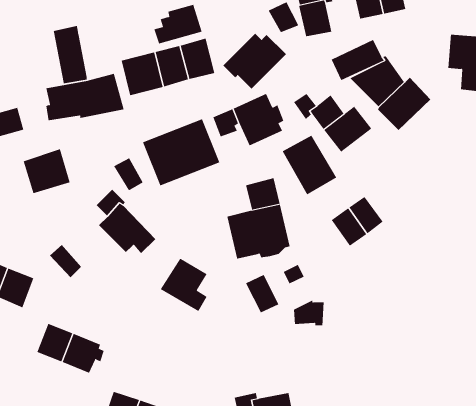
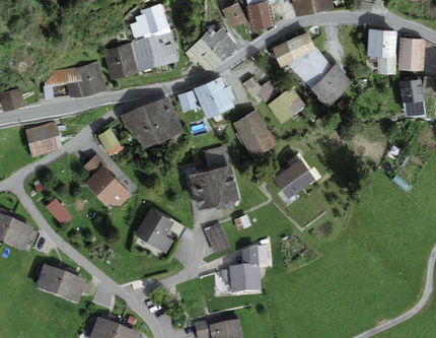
building: [53,25,87,84] -> none
building: none -> [229,262,262,292]

